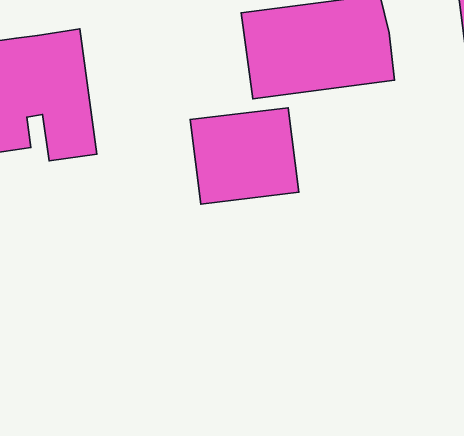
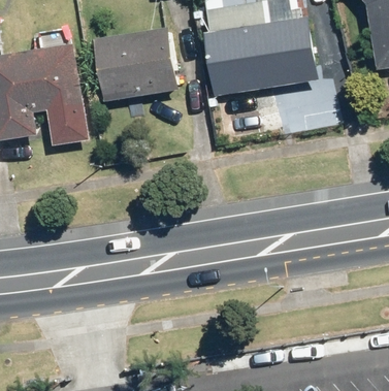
building: [190,108,299,204] -> [95,27,180,102]

